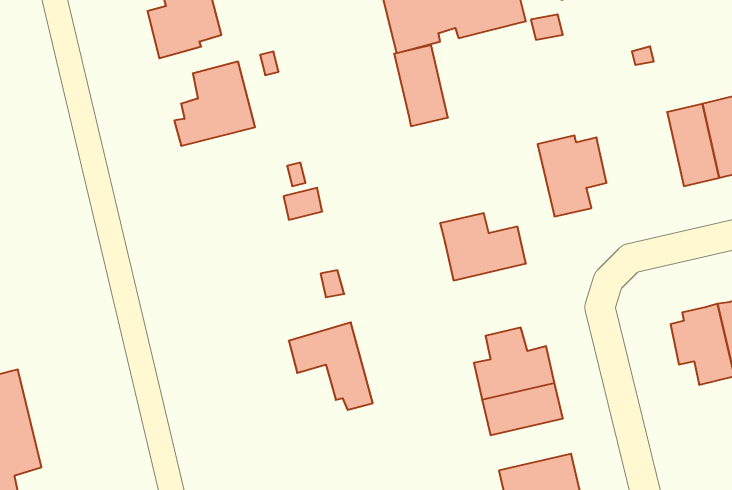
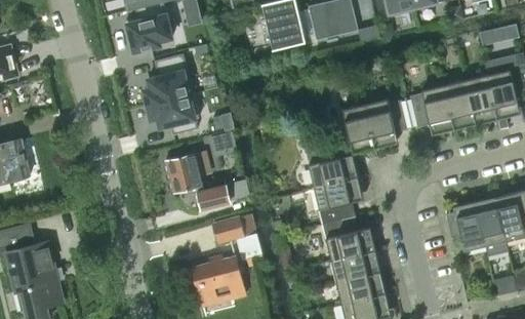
building: [394,45,448,126] -> [342,105,375,154]
building: none -> [410,85,454,135]
building: none -> [148,94,199,135]
building: none -> [165,153,230,210]
building: none -> [314,177,363,225]
building: none -> [193,256,246,302]
building: none -> [336,272,386,304]

